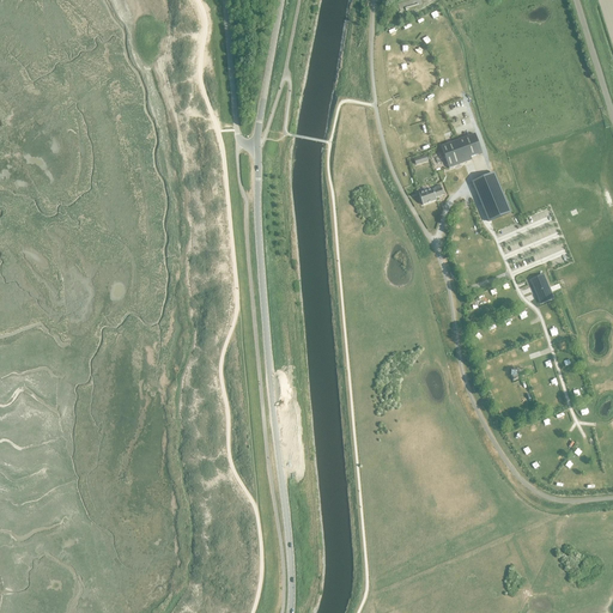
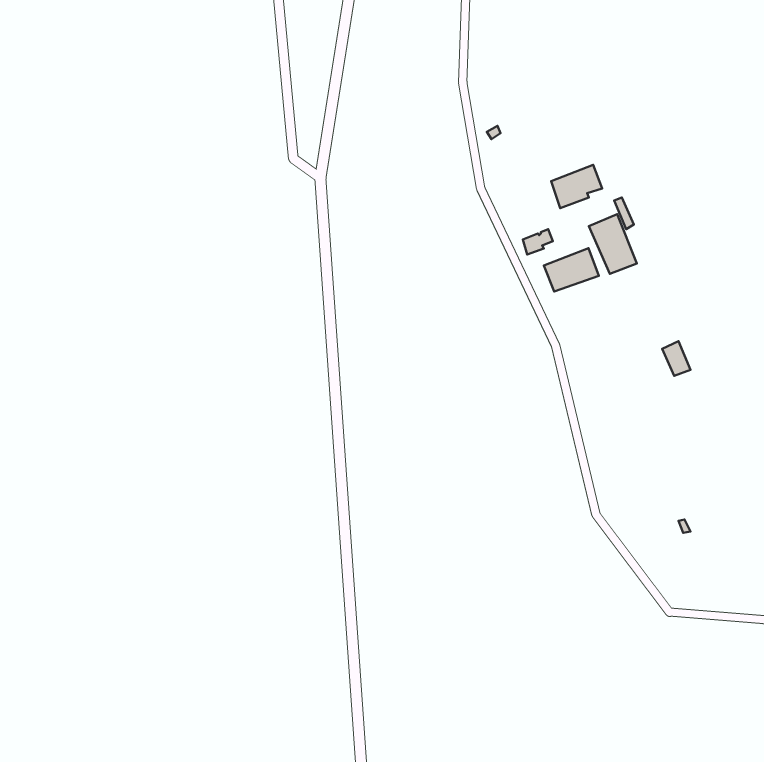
building: none -> [544,248,599,291]

